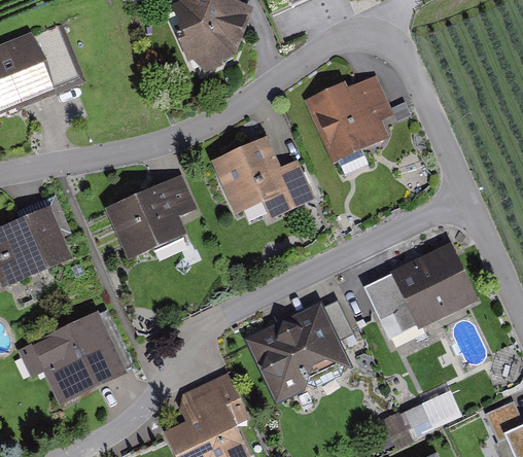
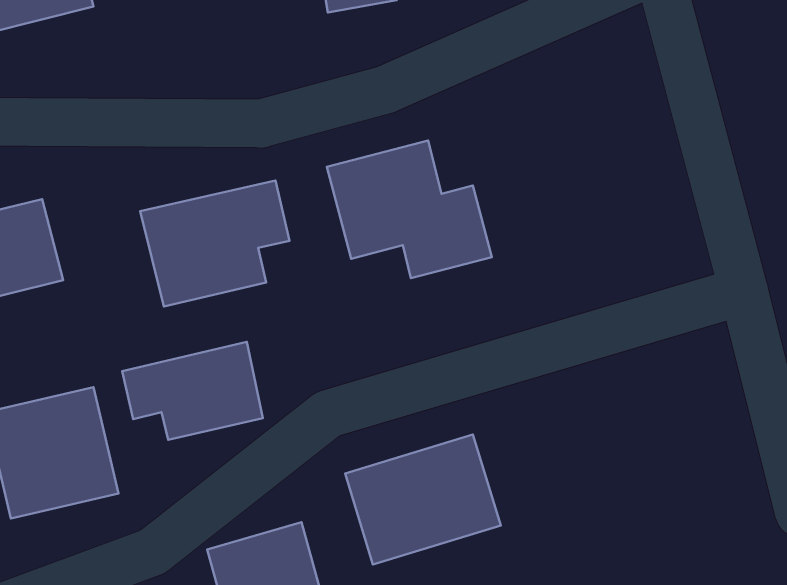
building: [311,73,396,159] -> none
building: [363,242,477,343] -> none
building: none -> [122,342,263,440]

